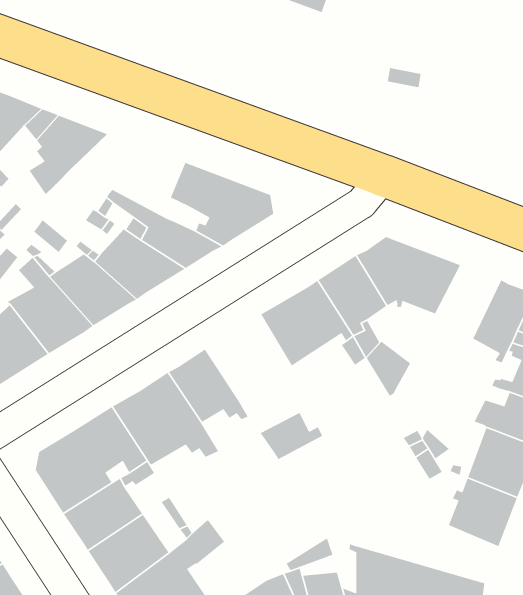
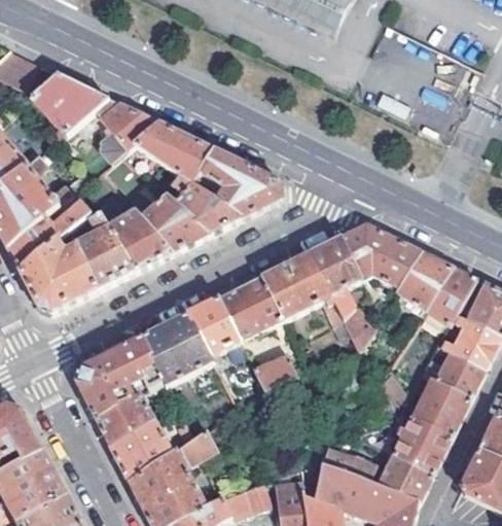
building: none -> [127,121,215,191]
building: none -> [397,250,453,313]
building: none -> [217,274,283,340]
building: none -> [319,443,431,500]

